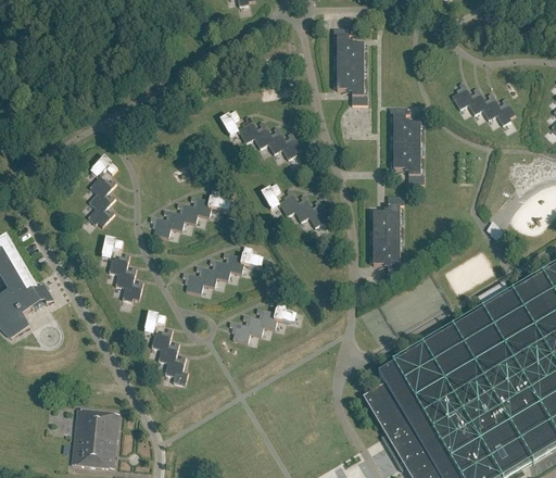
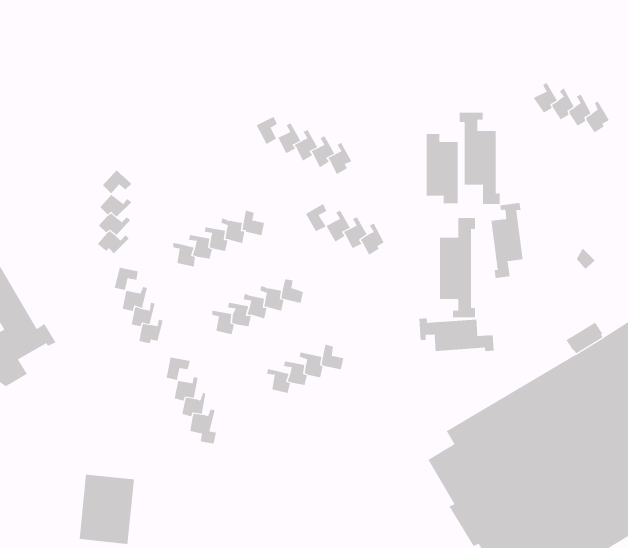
building: [337,36,364,95] -> [426,134,458,204]
building: none -> [491,202,523,279]
building: none -> [419,318,494,352]

